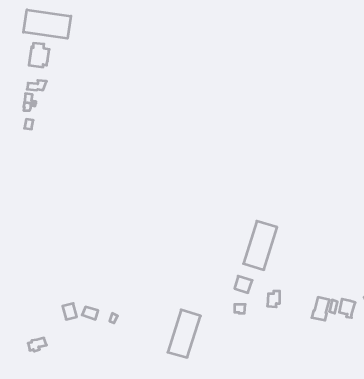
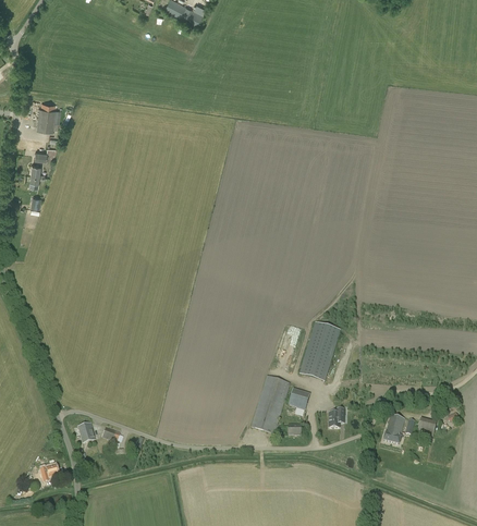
building: [23,10,71,38] -> none
building: [168,310,201,357] -> [250,375,291,433]

